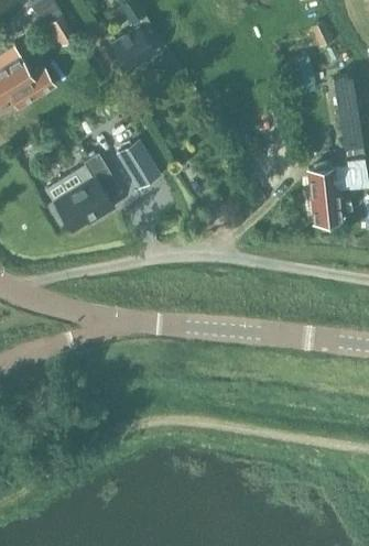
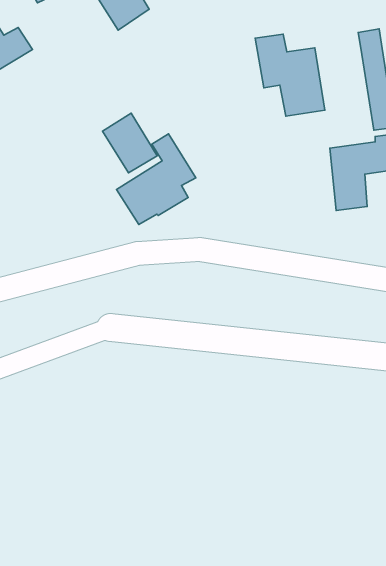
building: none -> [255,34,325,116]
building: [53,153,120,230] -> [117,134,196,225]

